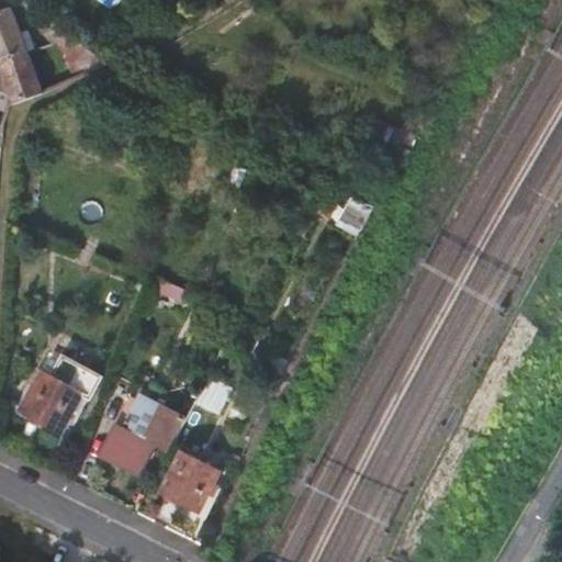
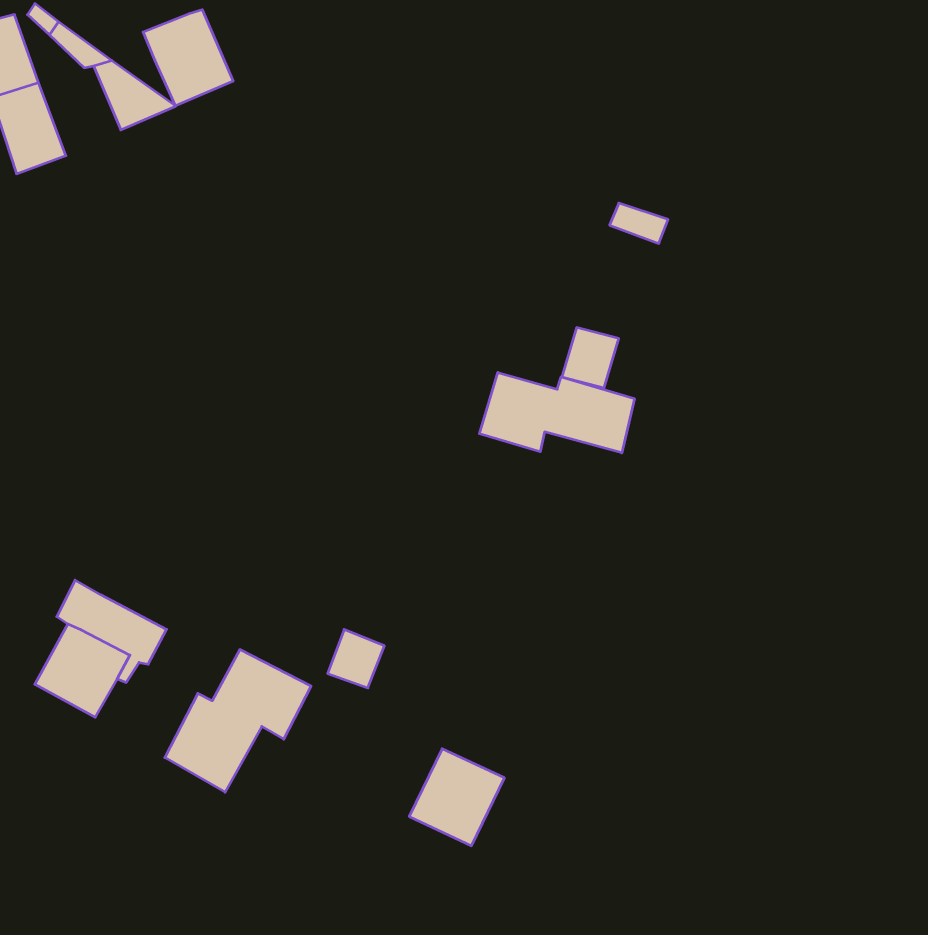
building: none -> [143,10,233,106]
building: none -> [479,372,634,453]
building: [162,456,220,514] -> [409,749,504,846]

